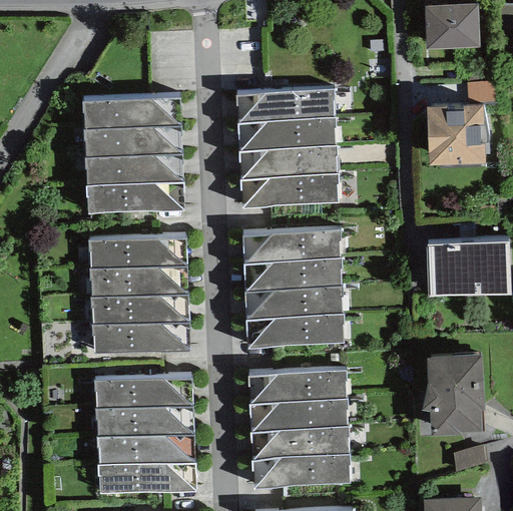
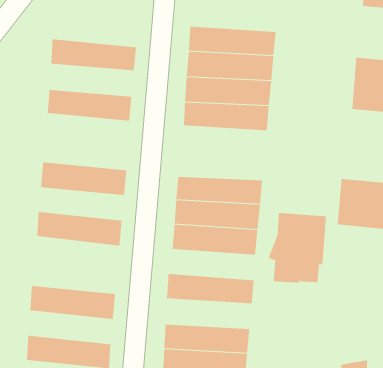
building: [82,97,179,128] -> none
building: [85,152,181,185] -> none
building: [242,228,340,265] -> none
building: [89,237,186,268] -> none
building: [91,294,188,324] -> none
building: [421,354,484,435] -> [268,213,327,283]
building: [94,378,191,408] -> none
building: [248,397,347,432] -> none
building: [97,434,193,464] -> none

